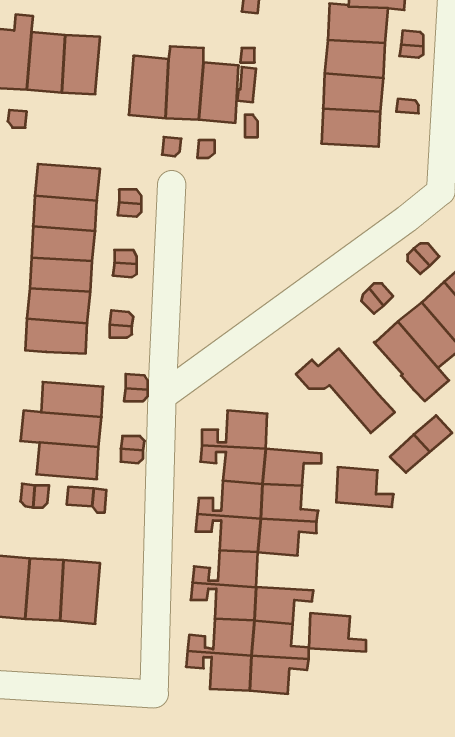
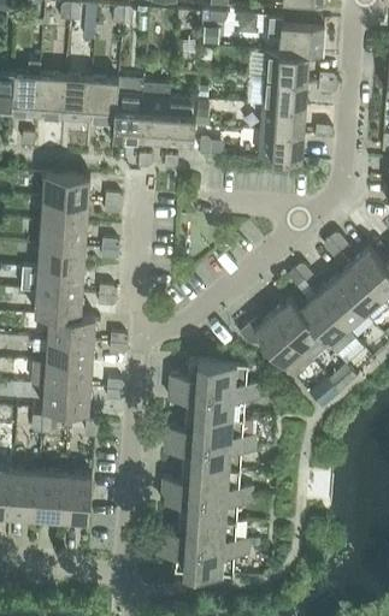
building: none -> [88,78,118,124]
building: none -> [272,298,320,349]
building: none -> [48,316,95,343]
building: [336,467,394,507] -> [217,363,260,393]
building: [309,613,366,651] -> [210,468,253,497]

